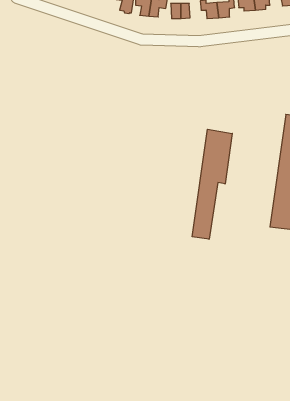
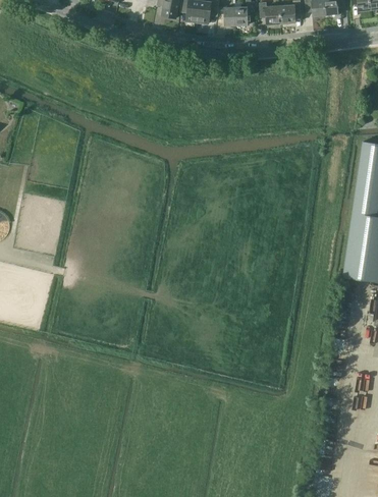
building: [192,129,232,239] -> none

